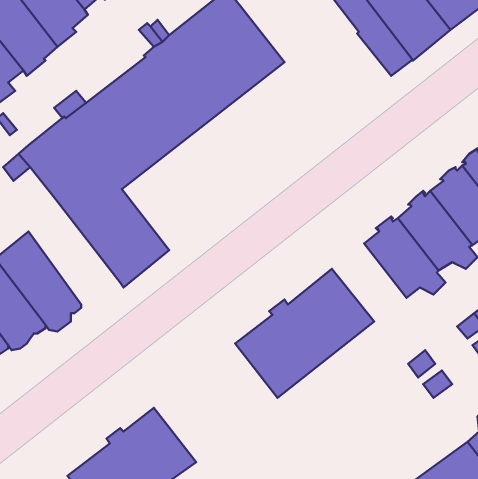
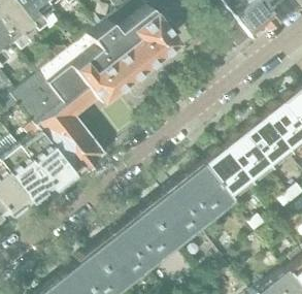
building: none -> [21,123,76,190]
building: none -> [205,149,256,197]
building: none -> [97,210,172,283]

